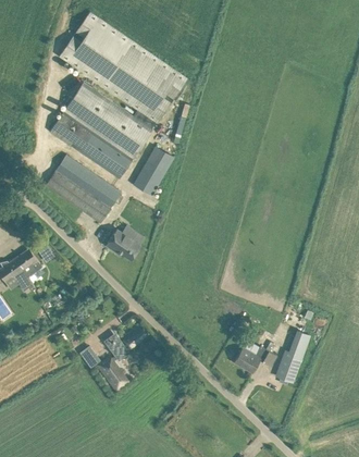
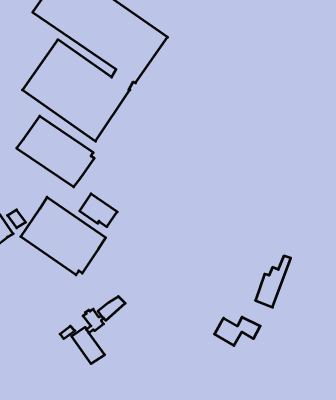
building: [133,145,174,196] -> none
building: none -> [21,197,106,275]
building: [275,333,309,382] -> [255,256,291,307]

